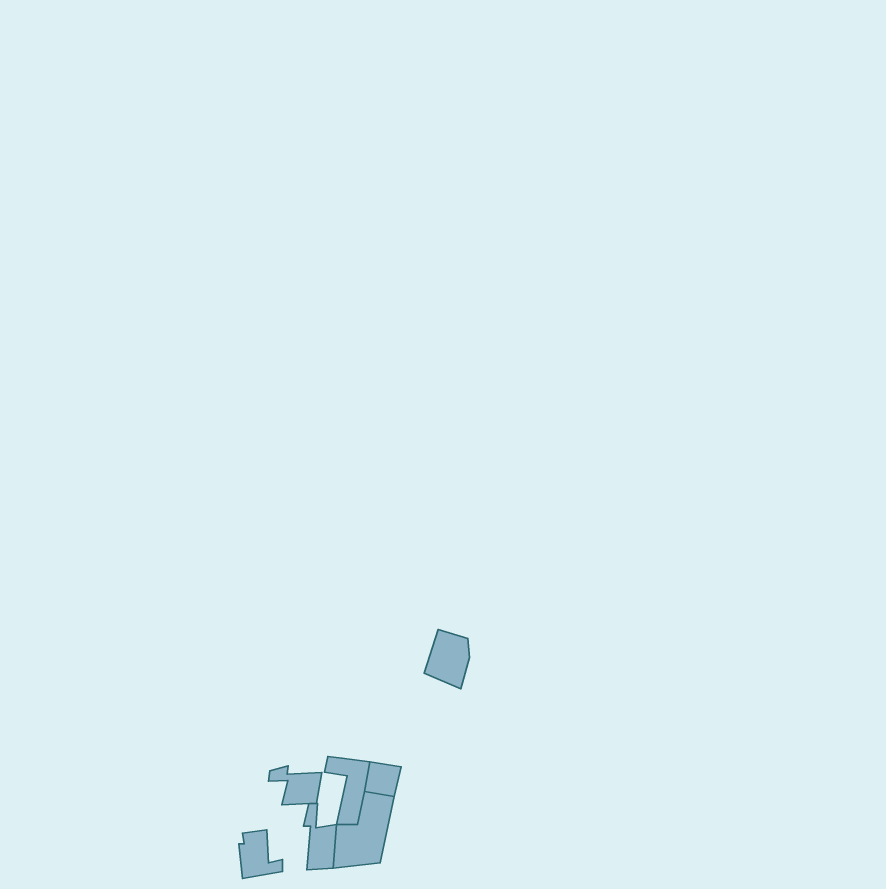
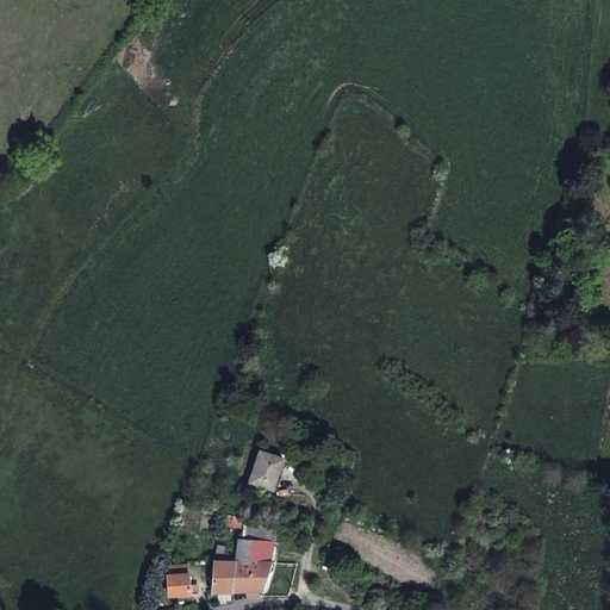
building: [424,630,470,689] -> [249,452,280,492]
building: [268,766,322,805] -> none

